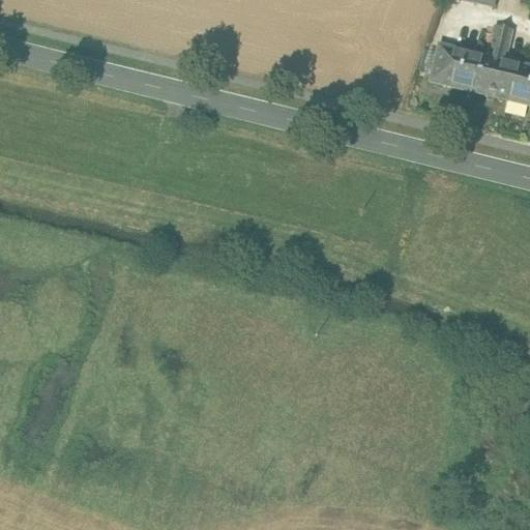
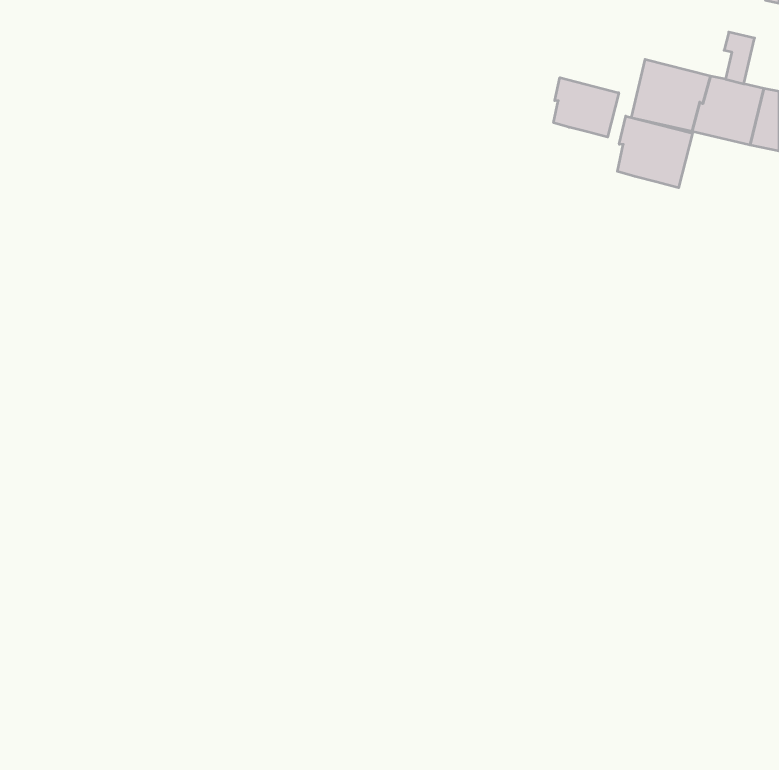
building: none -> [554,78,619,137]
building: none -> [617,116,692,188]

